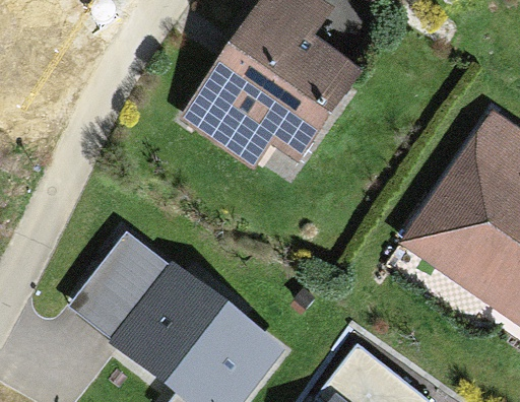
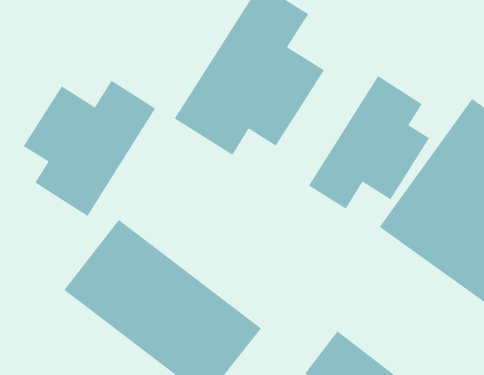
building: none -> [308,75,430,210]
building: none -> [23,80,156,217]

